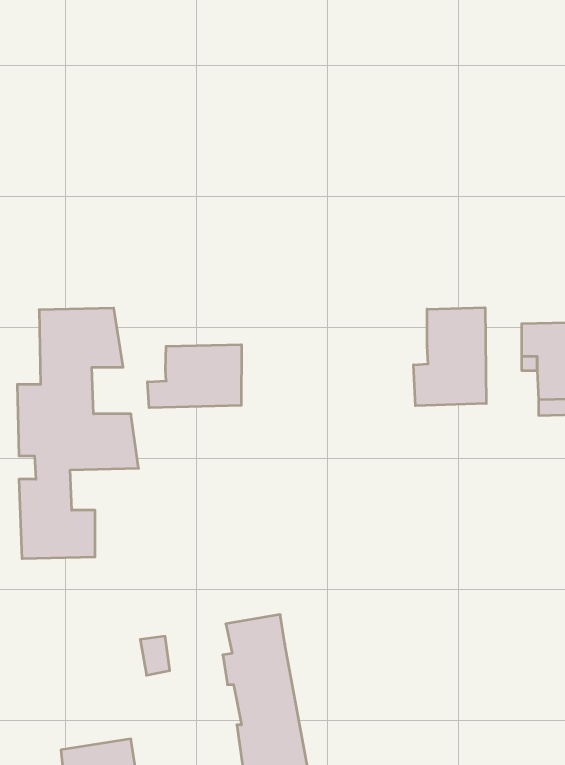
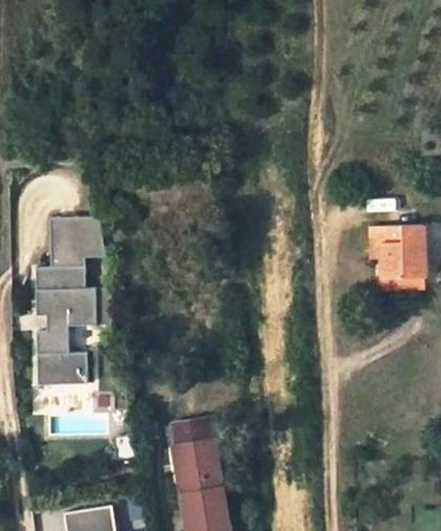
building: [414,308,486,406] -> none
building: [148,345,241,408] -> none

